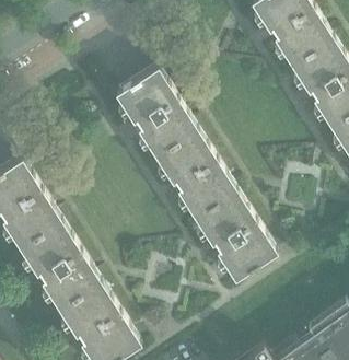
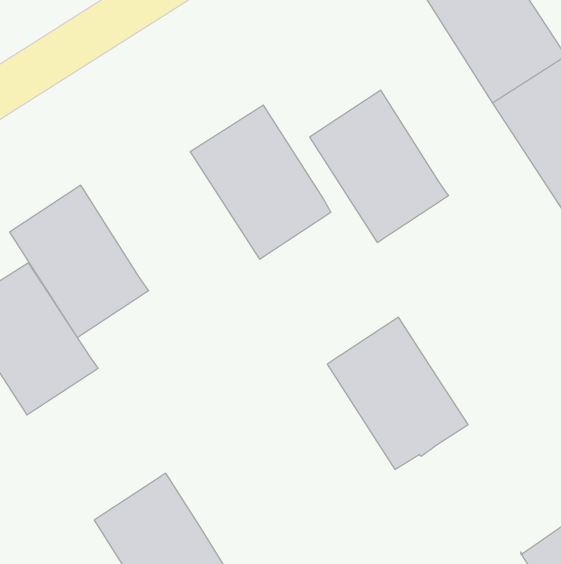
building: [156,131,237,220] -> [310,90,449,242]
building: [21,222,102,311] -> [10,185,149,337]

